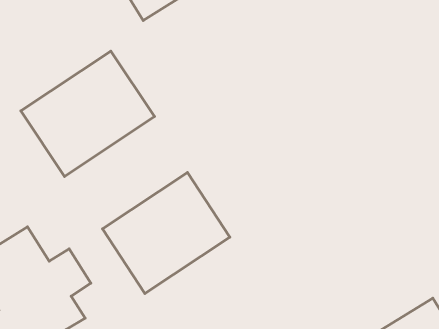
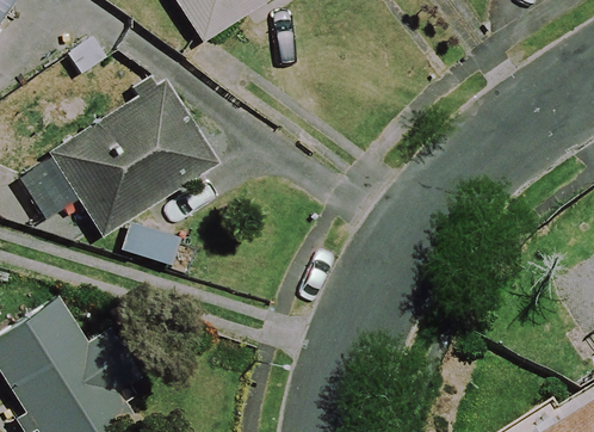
building: [102,173,230,293] -> none

